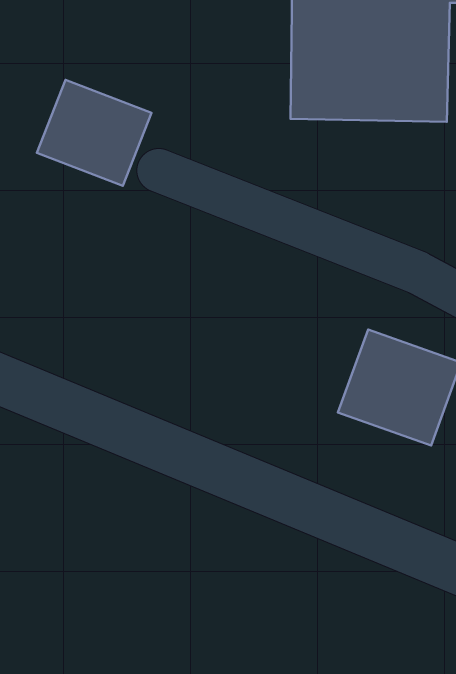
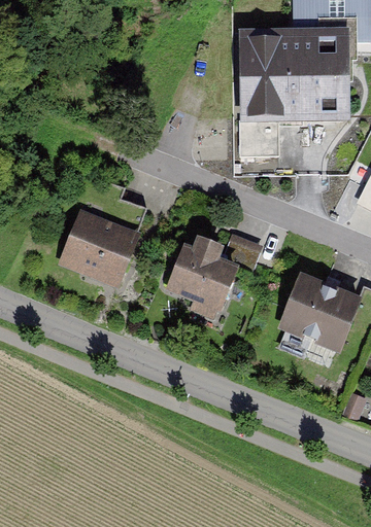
building: [37,80,152,186] -> [61,202,143,278]
building: none -> [165,231,246,314]

